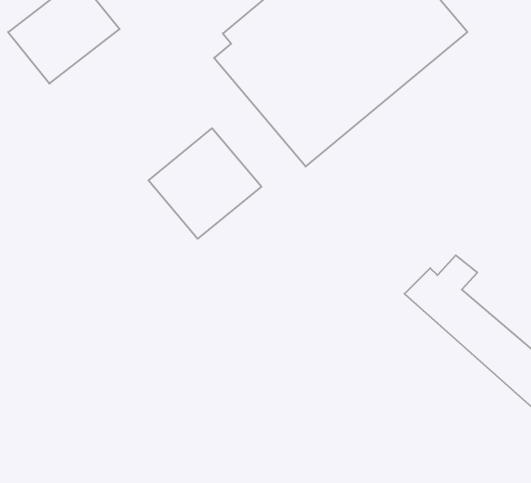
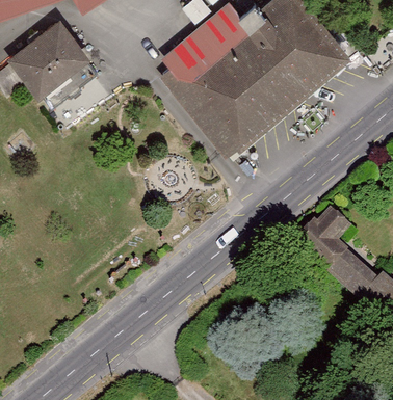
building: [148,128,261,239] -> none

